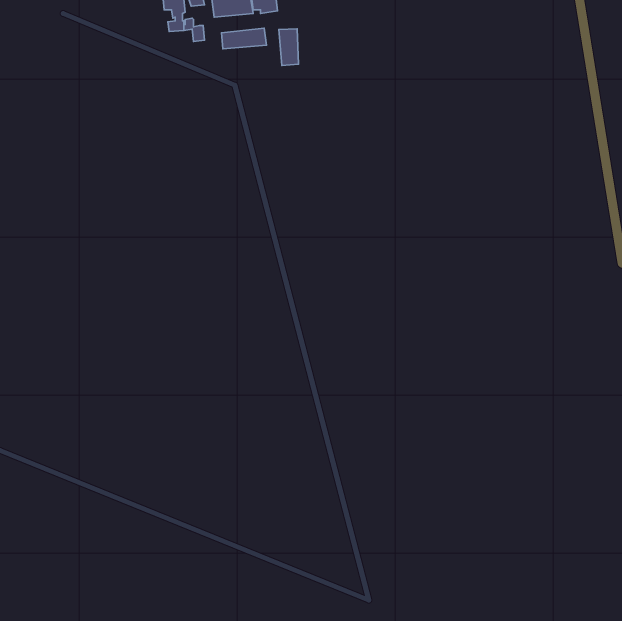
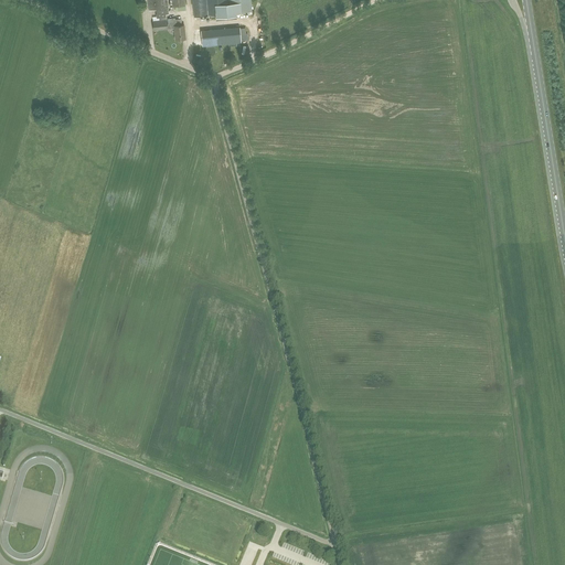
building: [279,29,299,66] -> none

